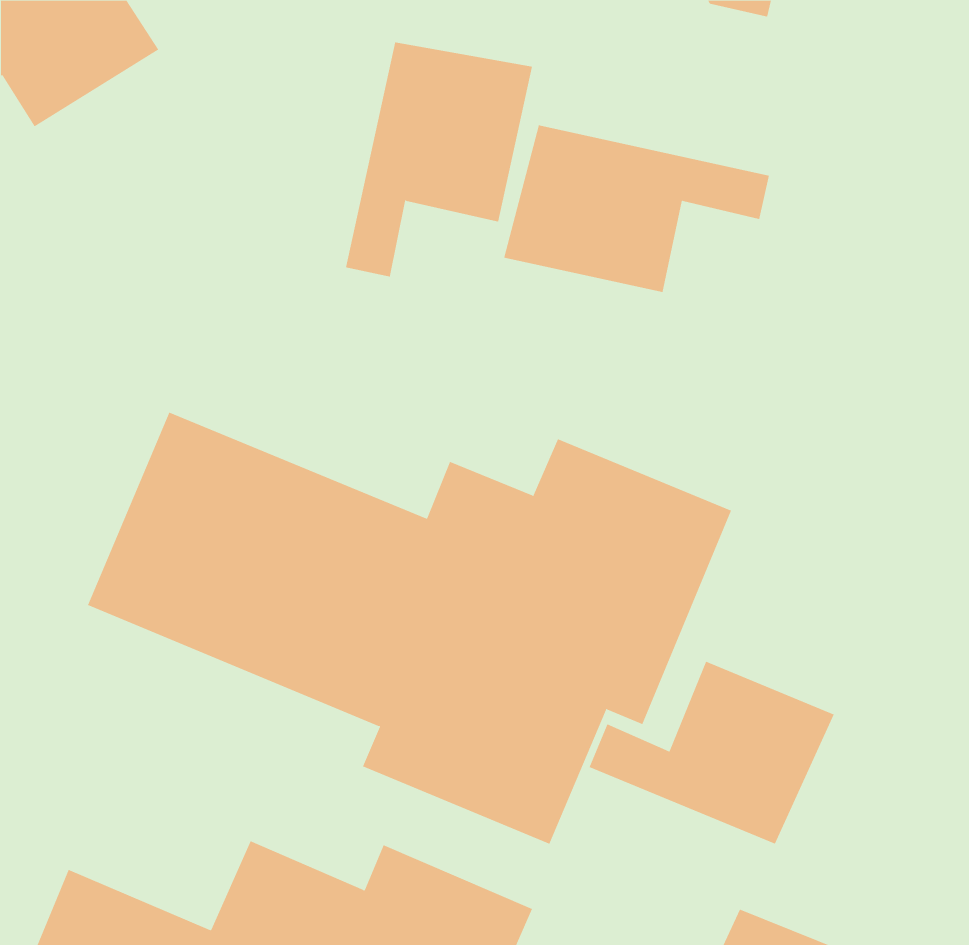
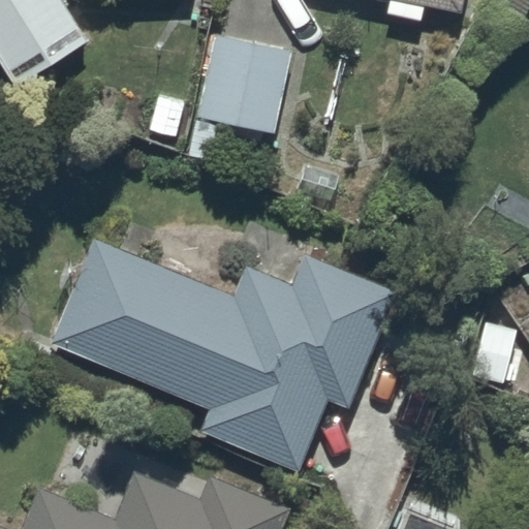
building: [504,125,770,293] -> none
building: [589,661,834,845] -> none

